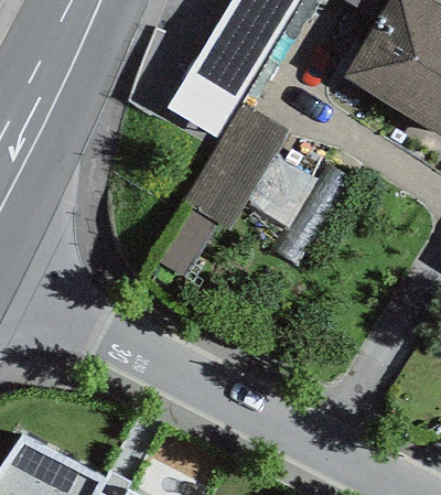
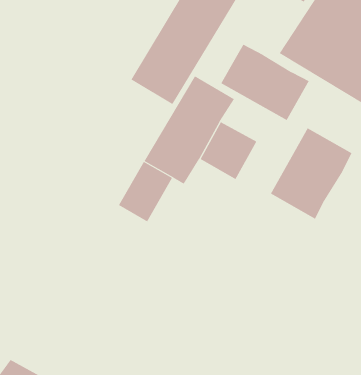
building: none -> [220,44,309,121]
building: none -> [270,127,352,219]

